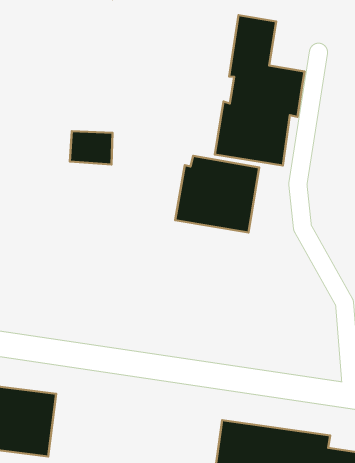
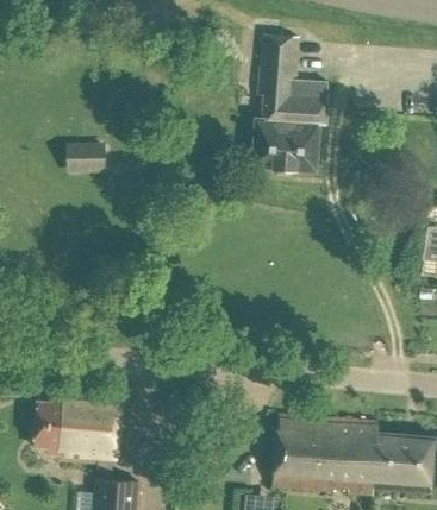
building: [70,131,112,164] -> [67,143,106,172]
building: [175,156,259,232] -> none

